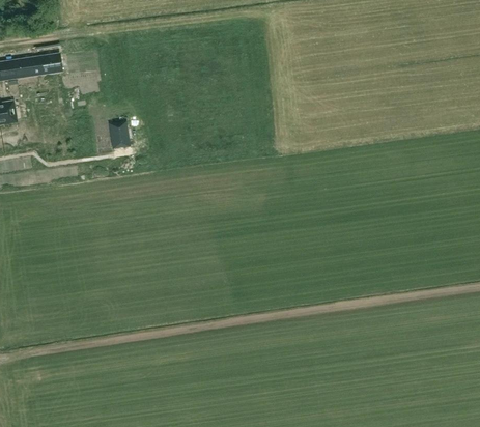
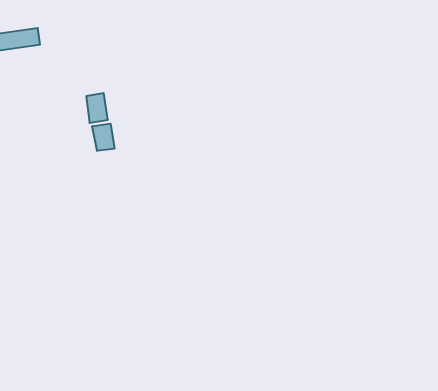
building: none -> [92,124,114,151]

